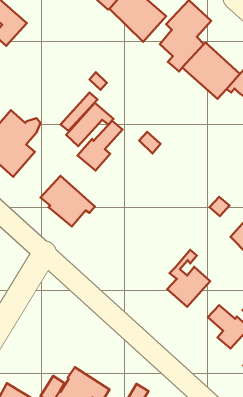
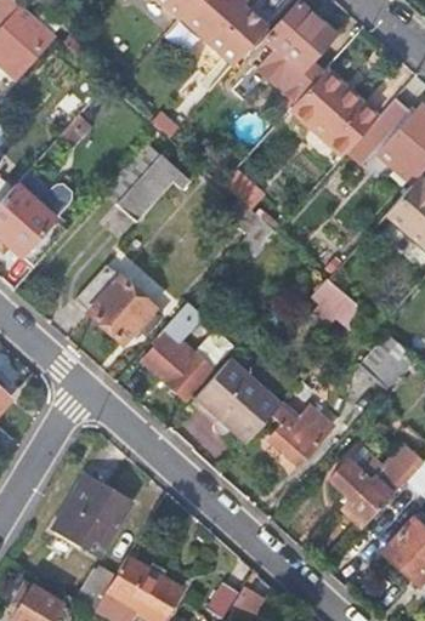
building: [77,121,123,170] -> none
building: none -> [143,336,232,400]
building: none -> [194,359,280,444]
building: none -> [52,474,130,556]

